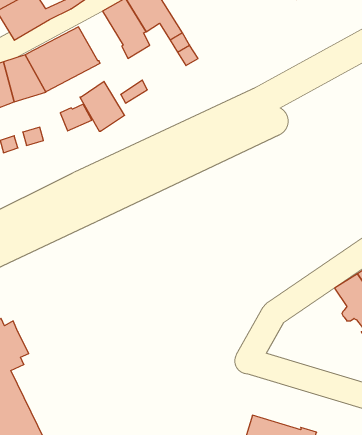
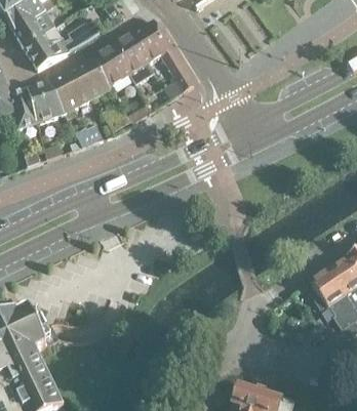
building: [80,81,125,131] -> [91,41,129,83]

